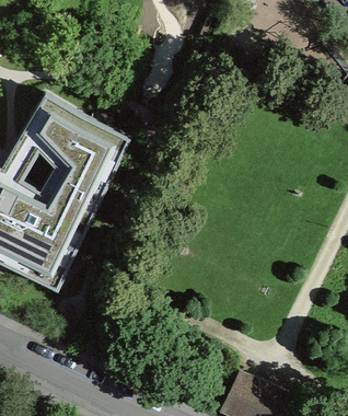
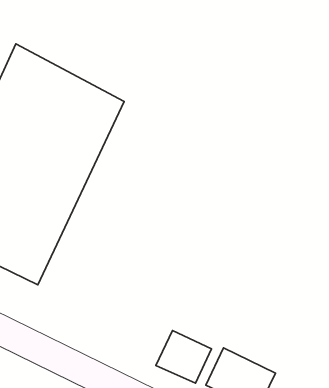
building: none -> [156,330,211,383]

